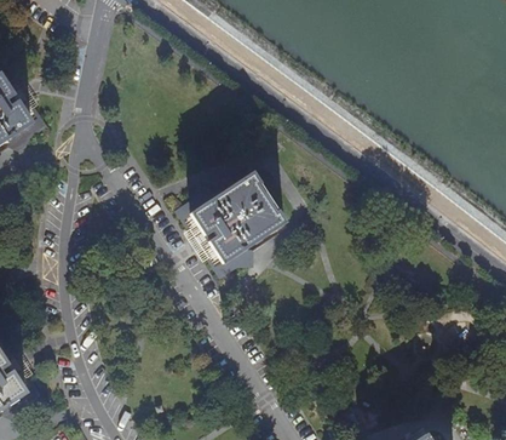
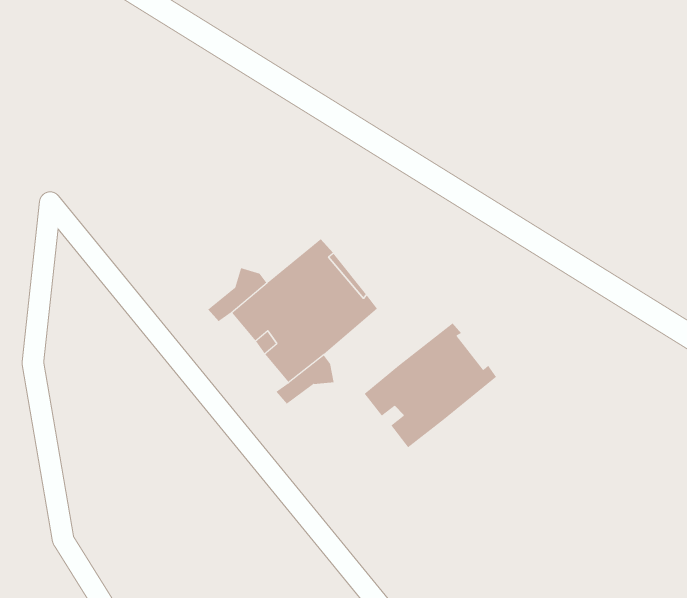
building: none -> [364,323,497,448]

